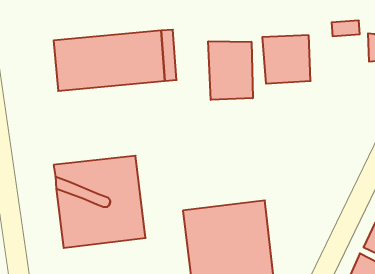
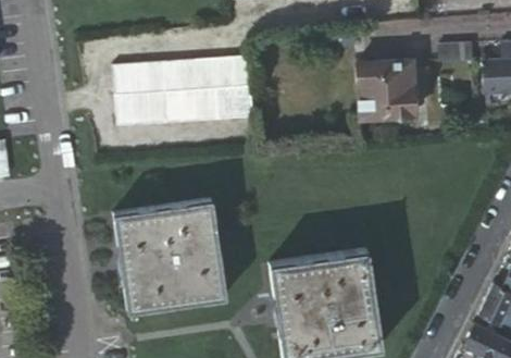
building: [208,41,253,100] -> none

